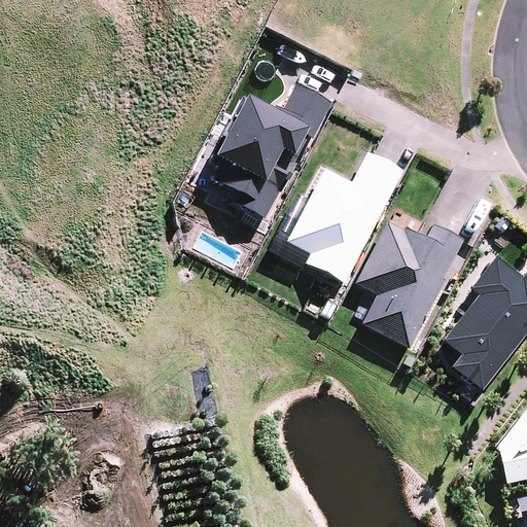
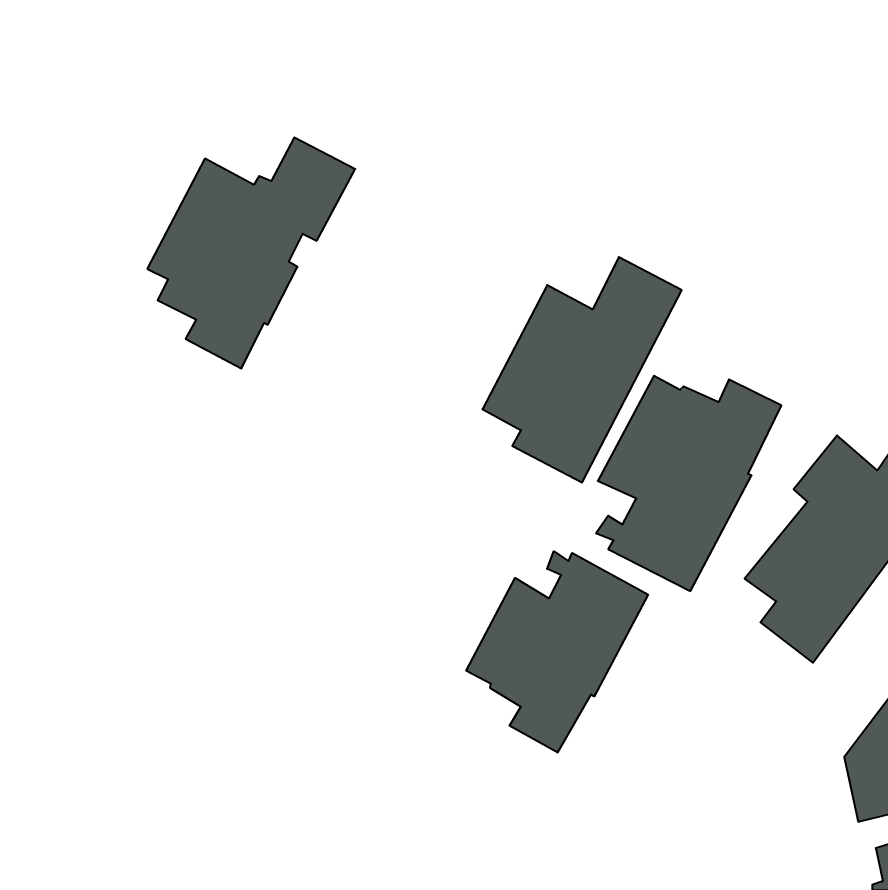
building: [210,83,332,219] -> [147,138,355,368]
building: none -> [466,551,648,753]

